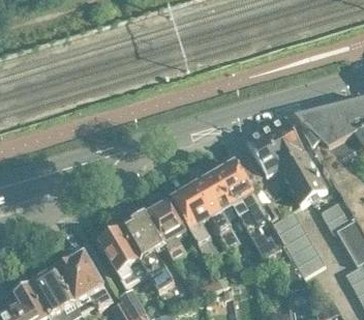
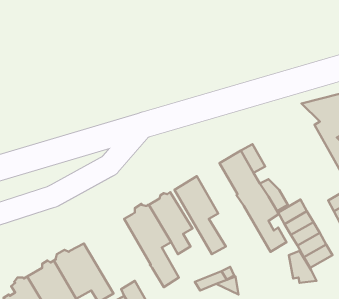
building: [245,117,325,203] -> none
building: [192,172,240,248] -> none
building: [98,226,149,287] -> none

